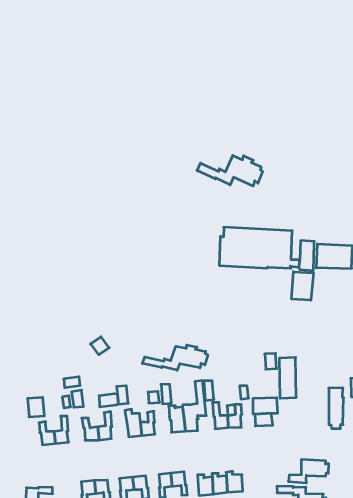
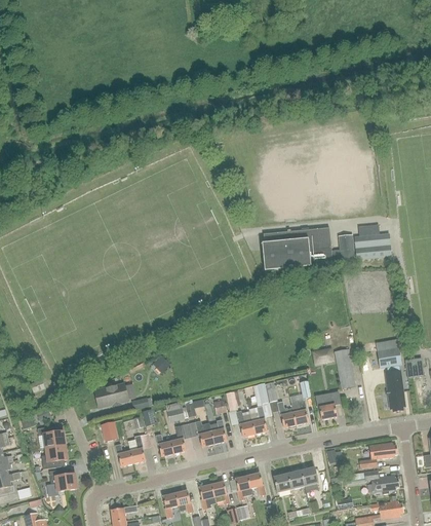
building: [197,155,263,186] -> none
building: [292,272,313,300] -> none
building: [142,345,208,370] -> none
building: none -> [376,338,401,368]
building: none -> [100,384,128,406]

